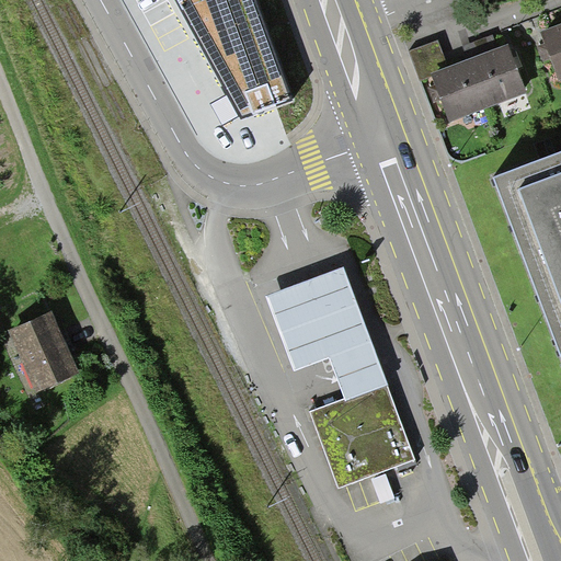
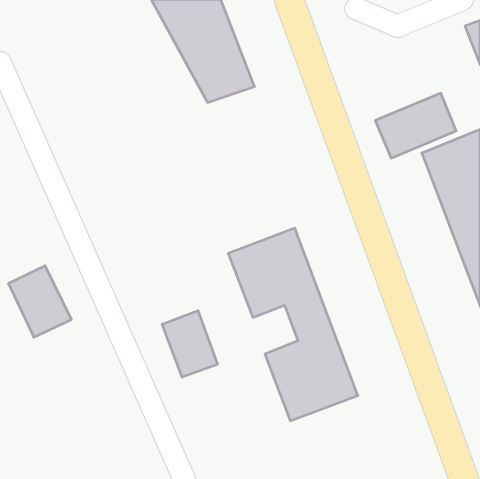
building: [432,43,526,118] -> [375,93,456,158]
building: none -> [162,311,217,377]

